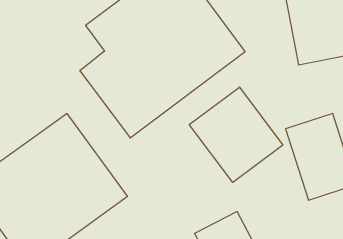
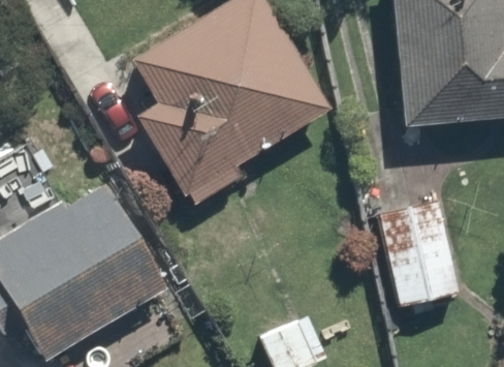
building: [189,87,283,182] -> none

